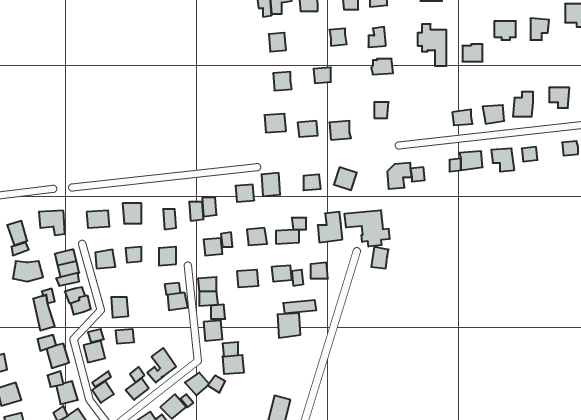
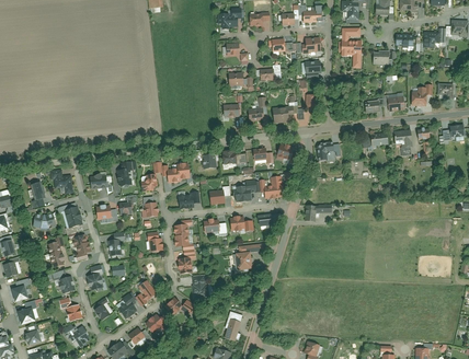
building: [345,210,390,247] -> none

